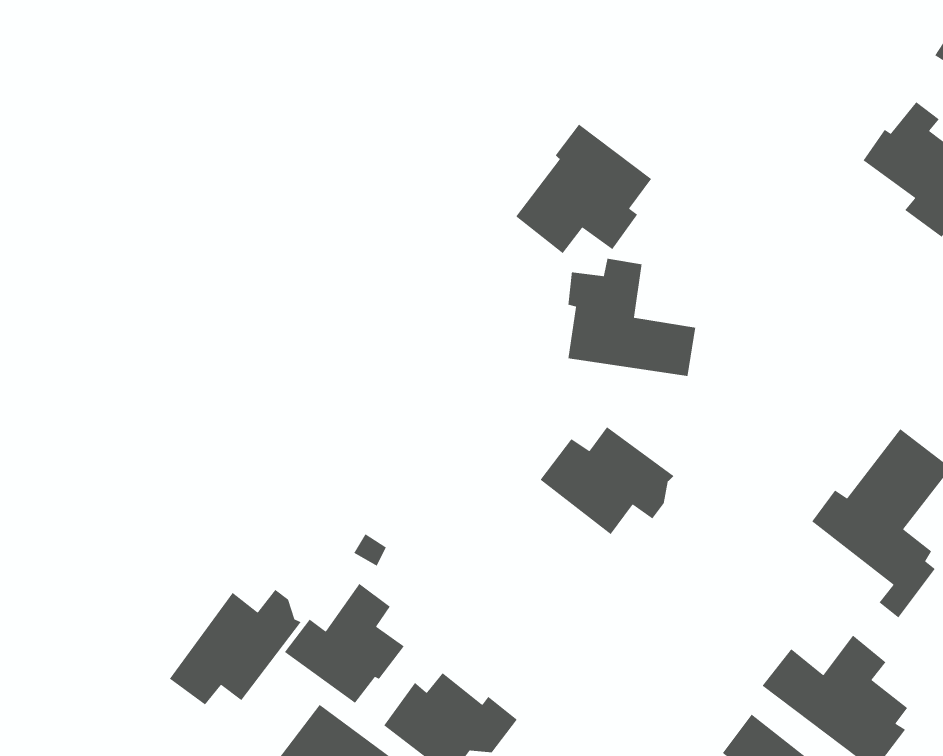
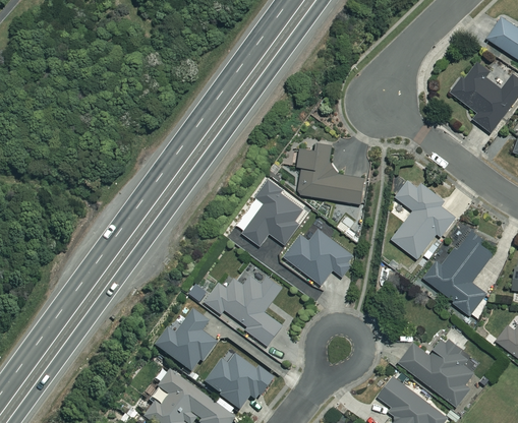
building: [515,123,652,254] -> [234,179,304,246]
building: none -> [391,181,455,258]
building: none -> [205,276,283,346]
building: [169,589,302,706] -> none

